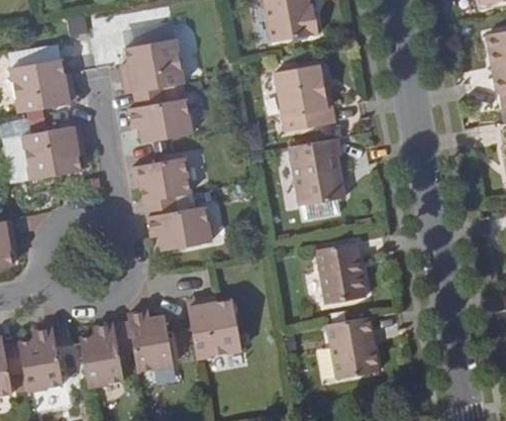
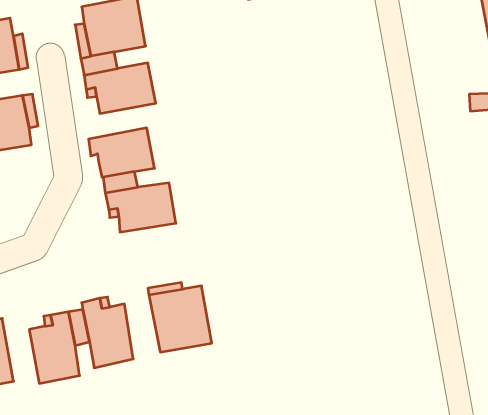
building: [277,66,335,132] -> none
building: [290,138,342,207] -> none
building: [314,243,365,305] -> none
building: [324,318,378,379] -> none

